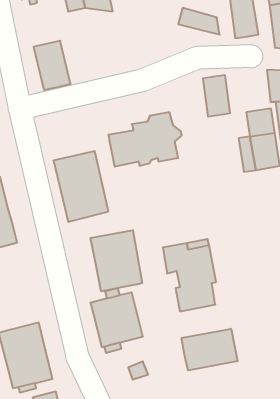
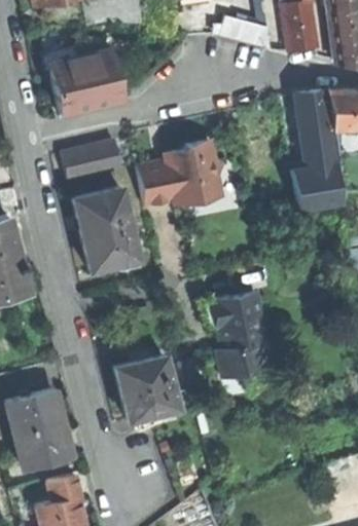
building: none -> [79,47,122,106]
building: [203,75,230,117] -> [295,90,328,140]
building: none -> [62,140,121,180]
building: [91,230,142,291] -> none
building: [182,329,238,370] -> none

